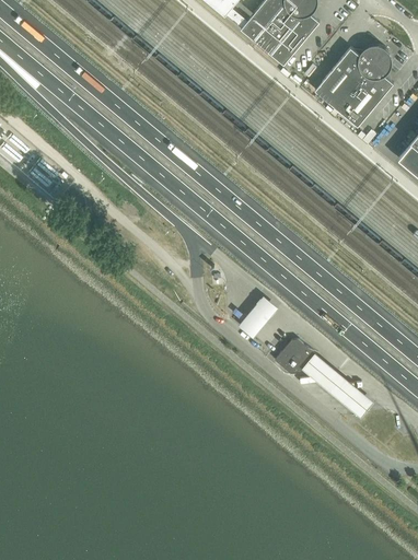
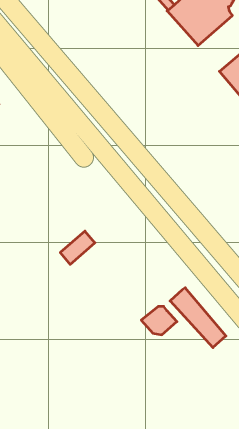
building: [239,294,278,337] -> [60,231,95,264]
building: [274,339,316,373] -> [141,306,177,335]

